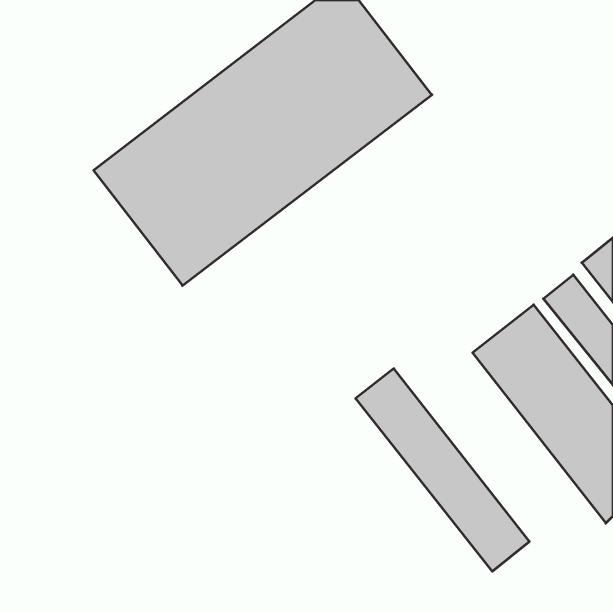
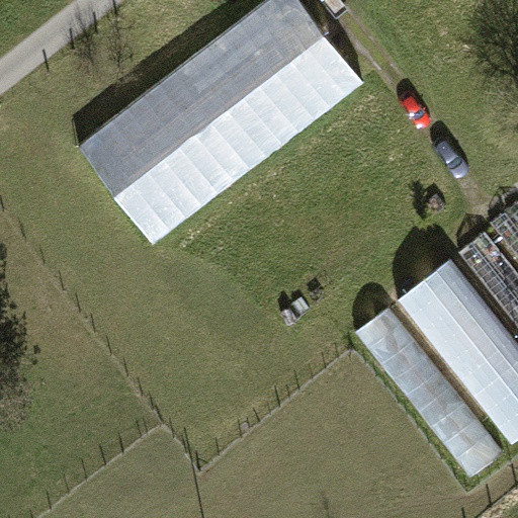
building: [356,369,529,571] -> [356,307,503,478]

